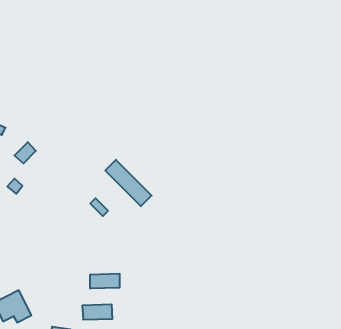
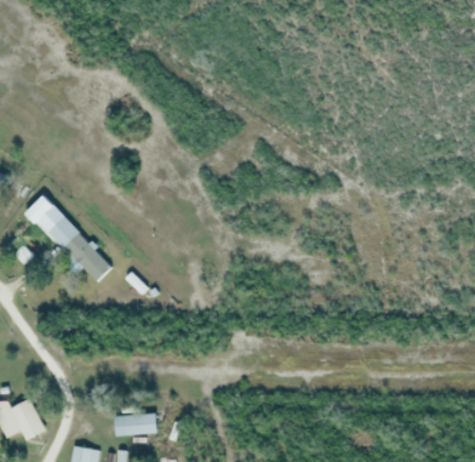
building: [105,160,152,206] -> [47,216,110,279]
building: [90,274,120,289] -> none

